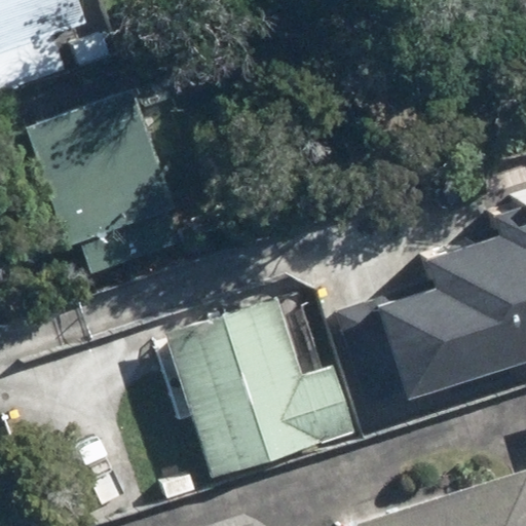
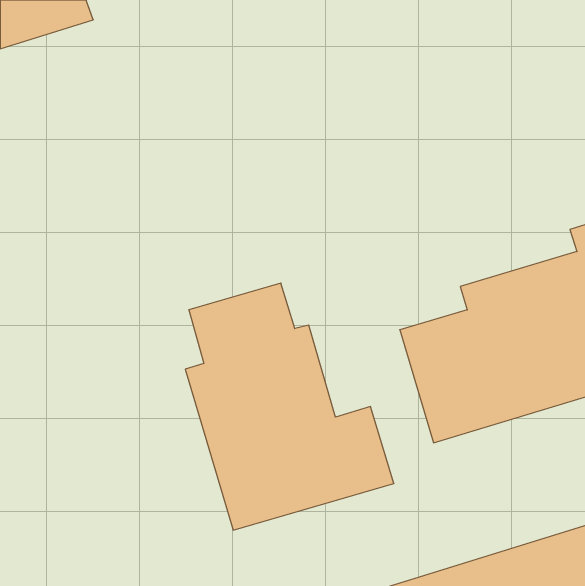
building: [25,91,182,274] -> none

